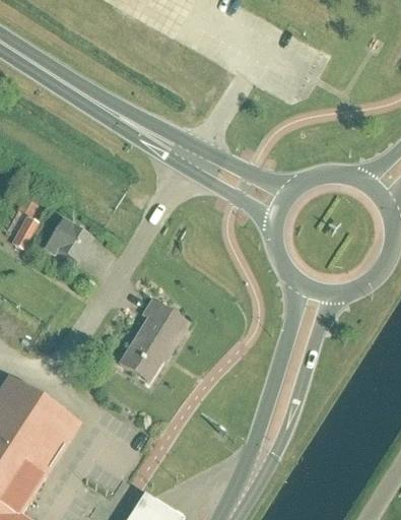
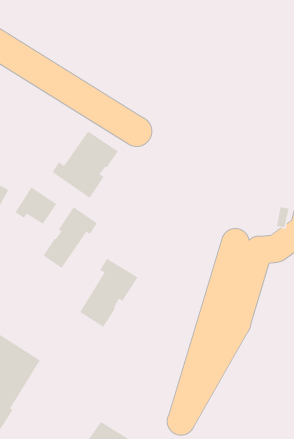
building: none -> [51,131,119,199]
building: none -> [42,206,98,269]

